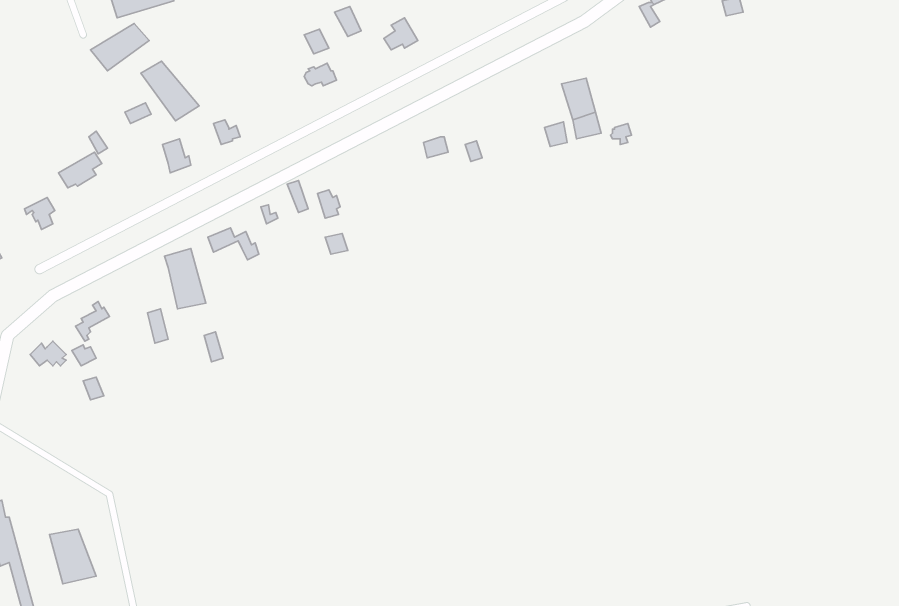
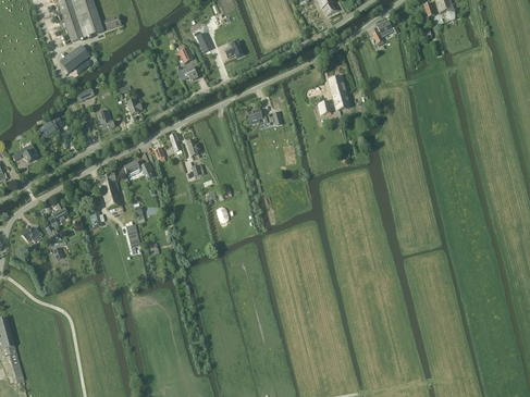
building: [141,61,199,121] -> none
building: [50,529,96,584] -> none

